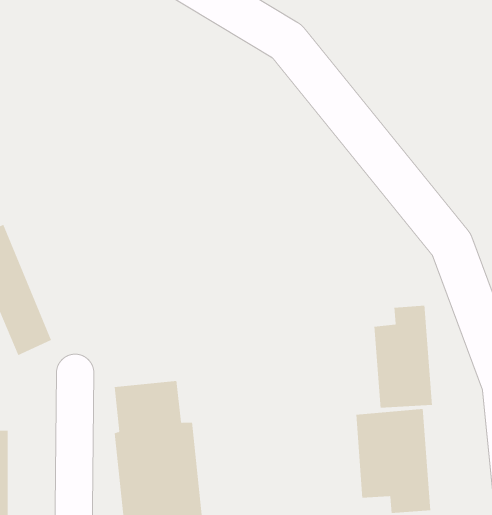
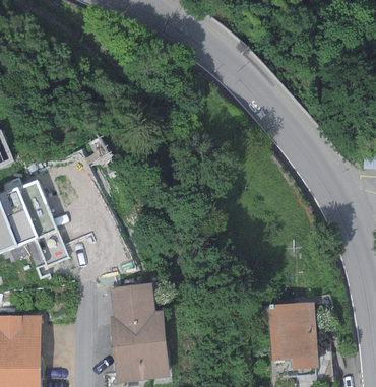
building: [374,305,432,408] -> none

